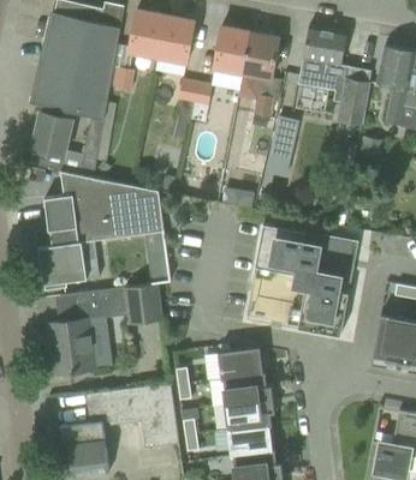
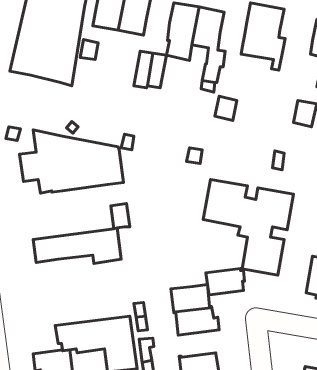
building: [338,78,370,125] -> none
building: [31,110,97,178] -> none
building: [38,240,99,290] -> none
building: [47,318,96,373] -> none
building: [226,400,271,430] -> [206,269,245,295]

